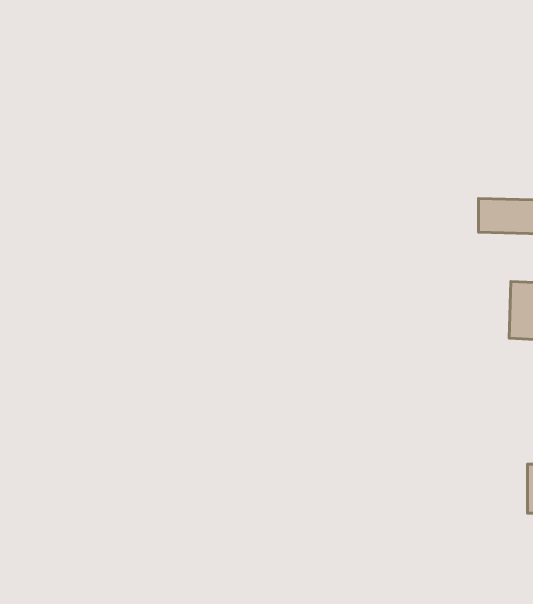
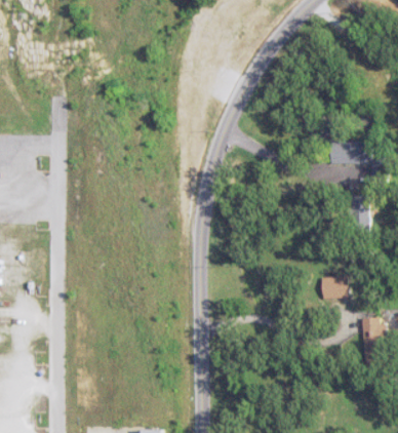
building: none -> [317,275,348,298]

